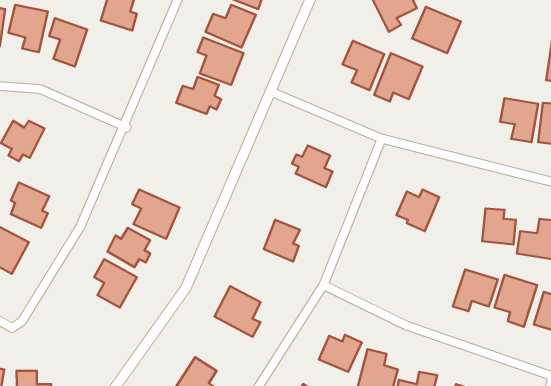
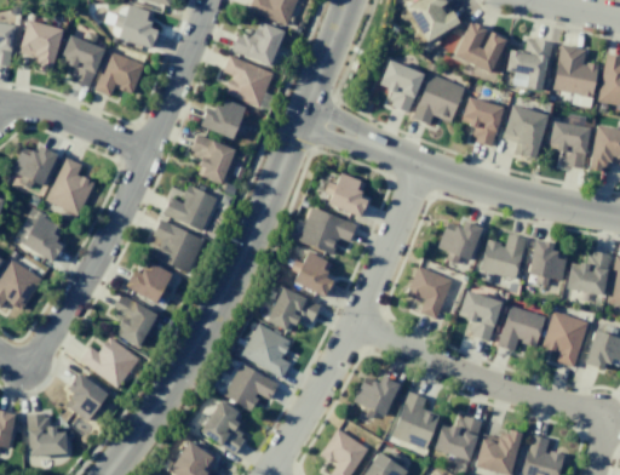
building: none -> [506,38,552,91]
building: none -> [553,45,598,95]
building: none -> [94,51,144,97]
building: none -> [461,97,504,147]
building: none -> [504,105,546,159]
building: none -> [190,135,235,183]
building: none -> [46,156,94,214]
building: none -> [162,185,219,233]
building: none -> [299,208,356,253]
building: none -> [480,234,526,279]
building: none -> [407,267,452,319]
building: none -> [268,287,320,332]
building: none -> [458,290,503,340]
building: none -> [79,337,139,389]
building: none -> [223,364,279,411]
building: none -> [65,373,108,420]

